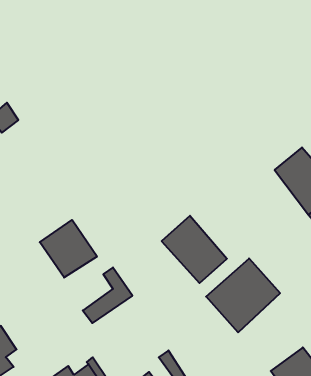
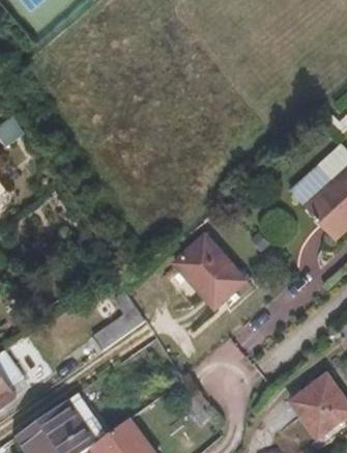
building: [40,220,97,278] -> none
building: [206,258,280,332] -> none

